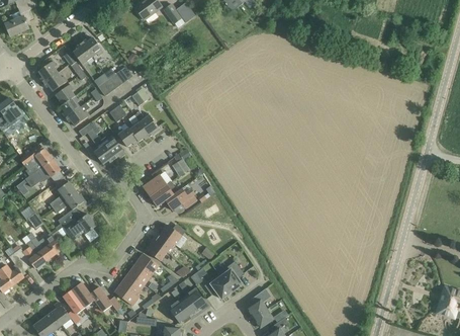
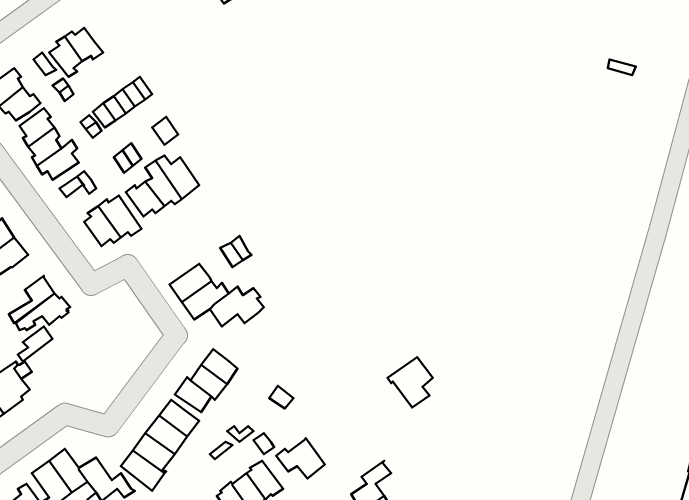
building: [66,214,97,240] -> none
building: [218,261,245,290] -> [388,357,433,408]

